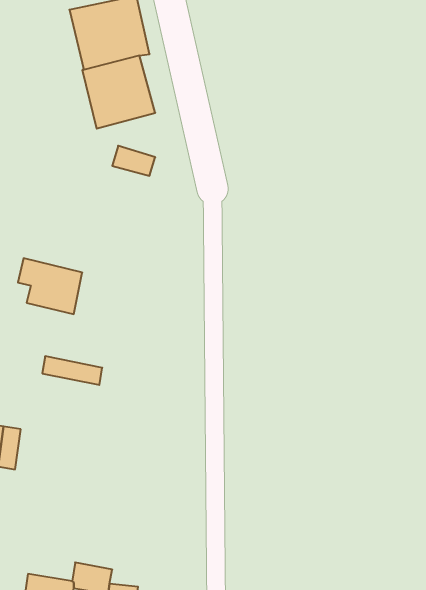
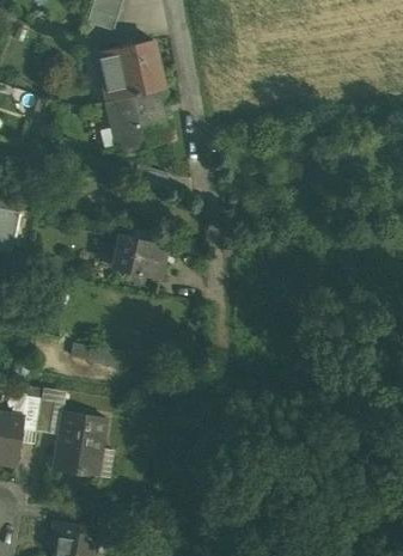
building: [18,258,82,314] -> [115,233,169,280]
building: none -> [54,413,106,477]

